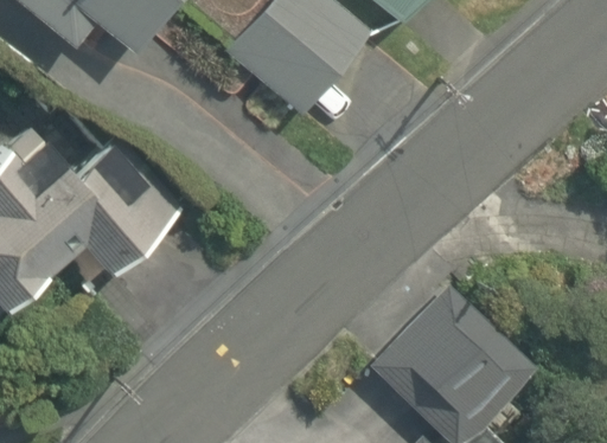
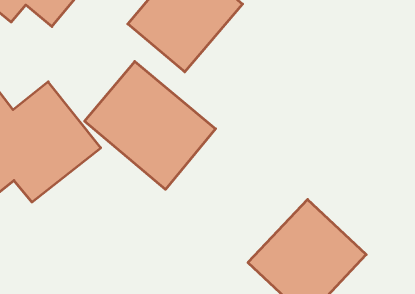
building: none -> [85,61,216,189]

